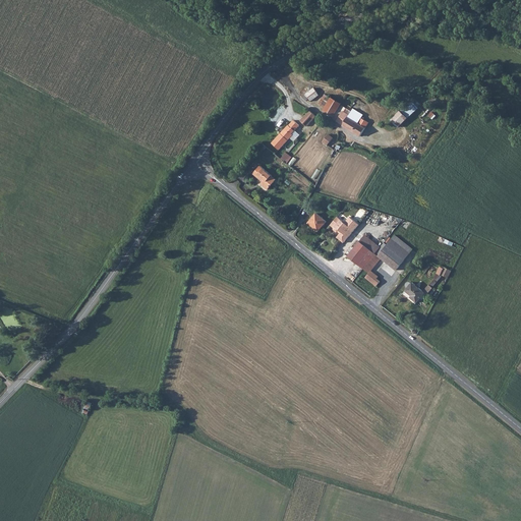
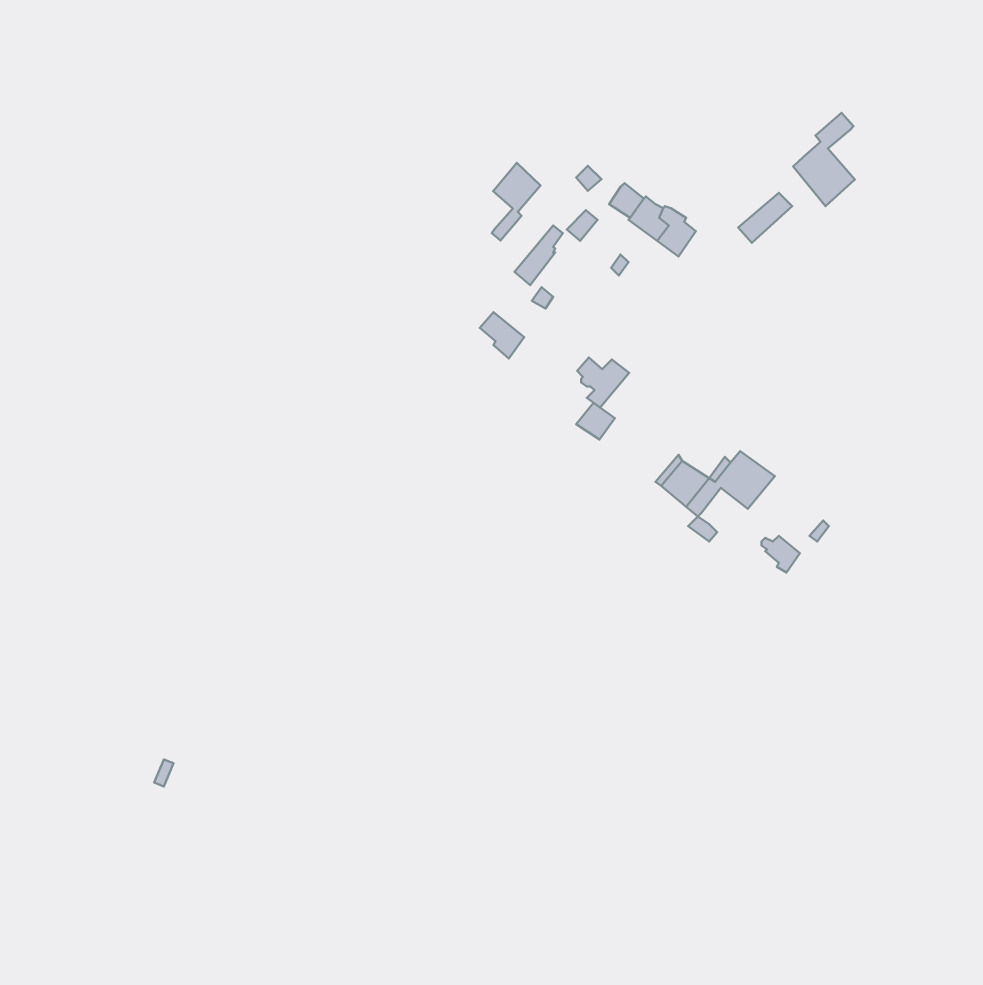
building: none -> [793,113,855,206]
building: none -> [492,163,540,240]
building: [330,216,357,242] -> [577,357,629,408]

